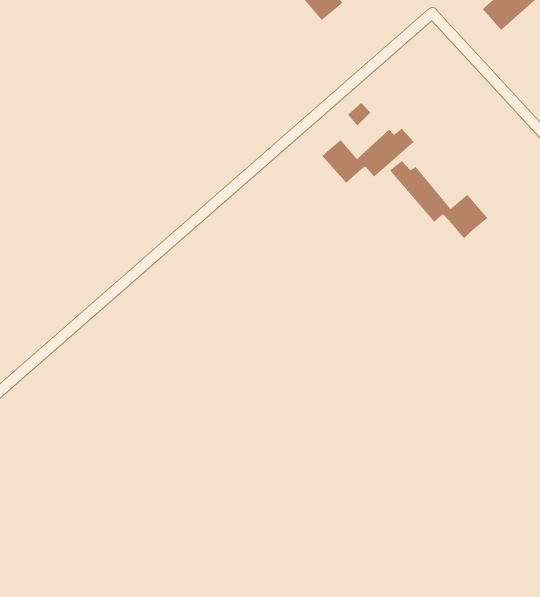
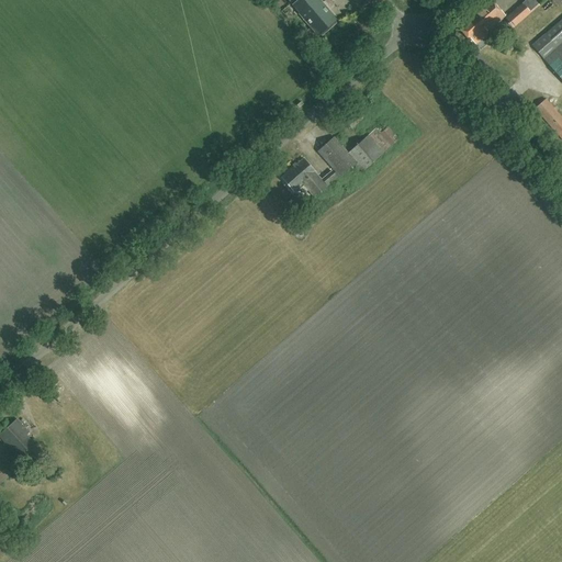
building: [389,160,488,239] -> none
building: none -> [280,158,337,196]

